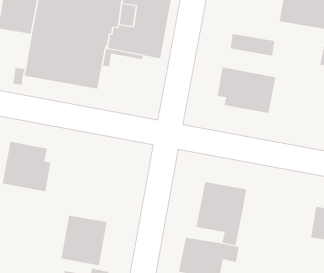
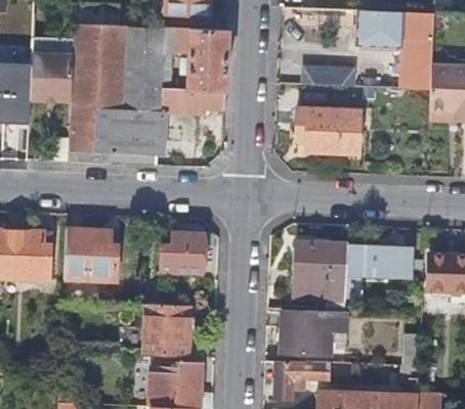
building: none -> [160,225,203,272]
building: none -> [345,247,410,276]

